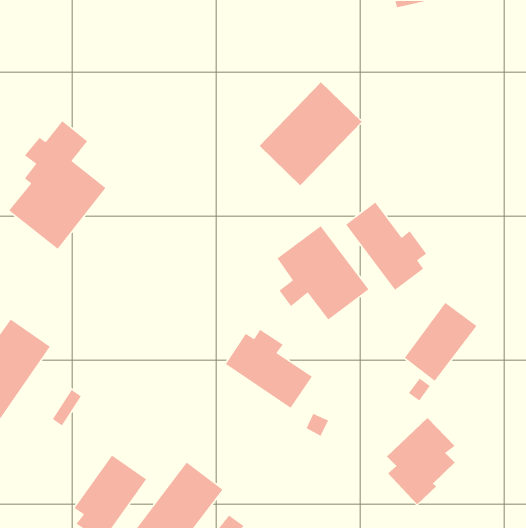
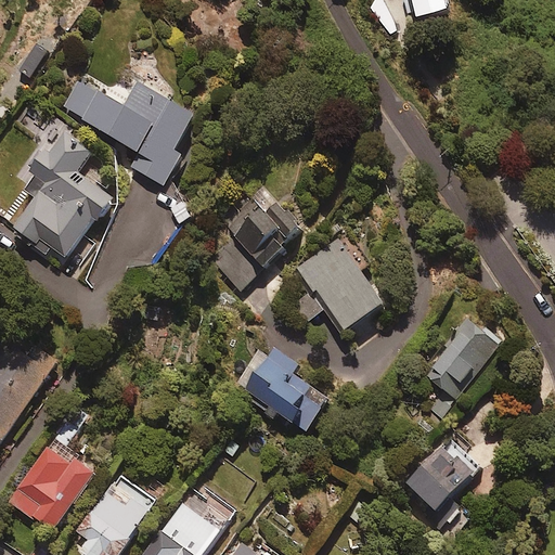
building: none -> [62,78,193,186]
building: [259,82,362,186] -> [194,185,302,295]
building: [345,201,427,291] -> none
building: none -> [8,446,90,532]

